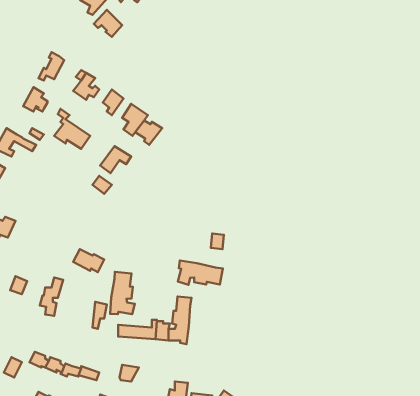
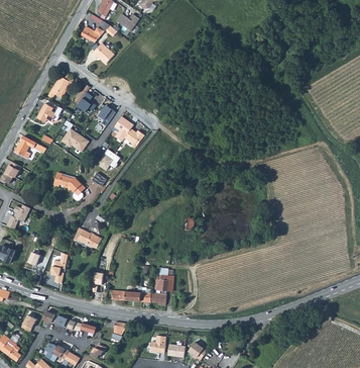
building: none -> [52,172,85,200]
building: [178,261,223,285] -> none
building: [110,272,135,314] -> none

